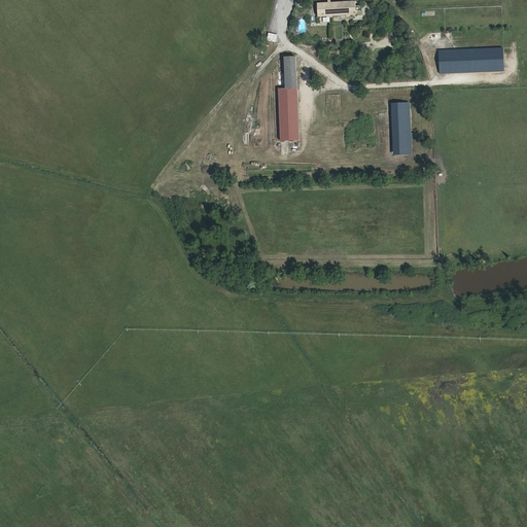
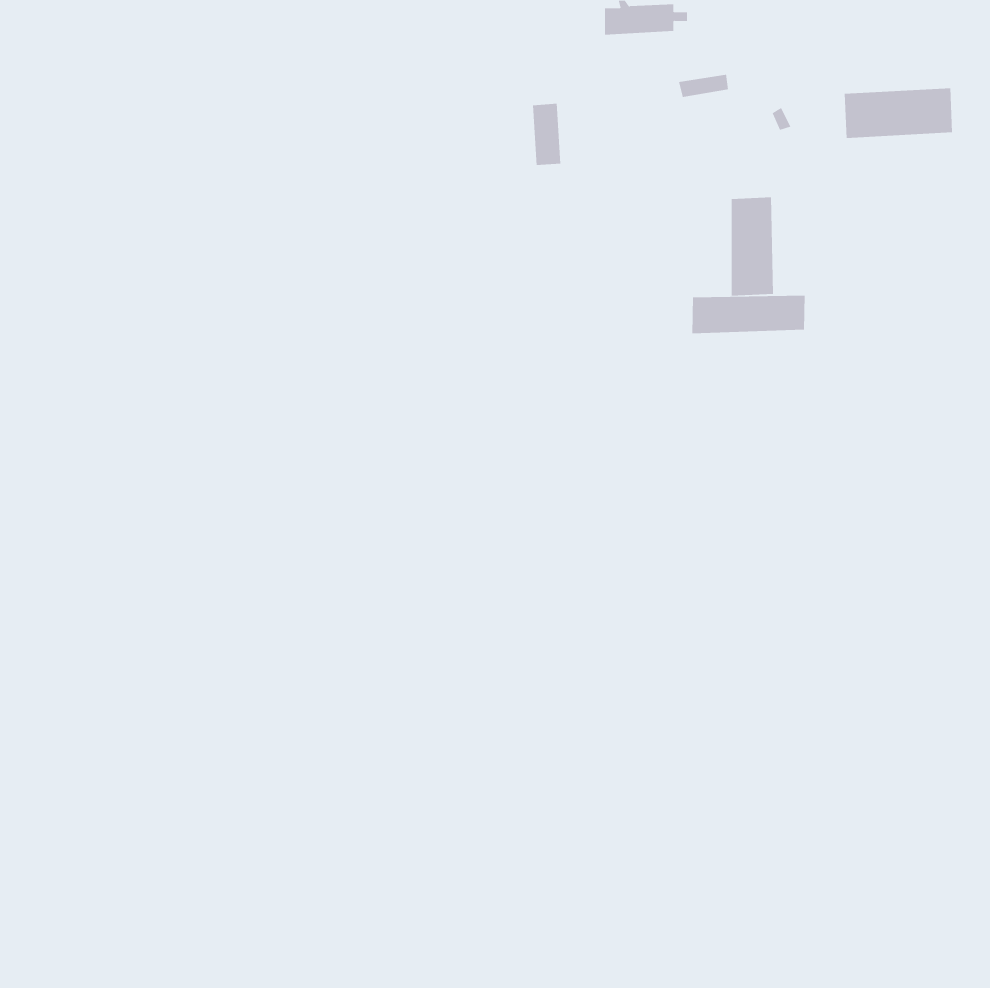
building: [278,86,301,144] -> none
building: none -> [692,295,805,334]

